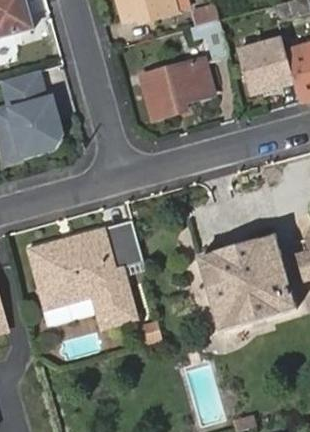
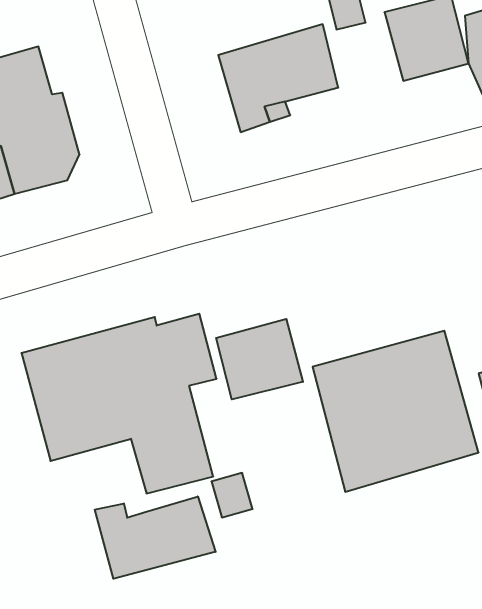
building: none -> [216,319,303,399]
building: none -> [95,496,216,579]

